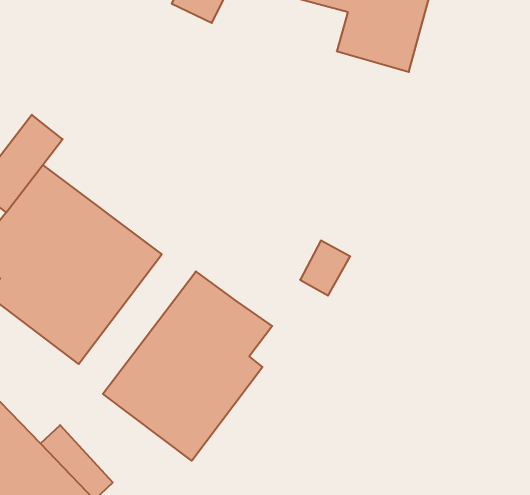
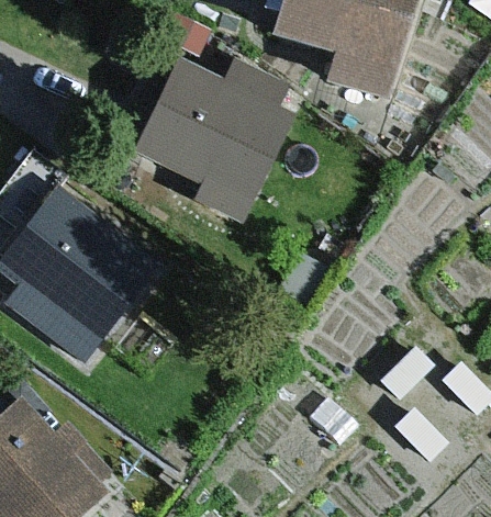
building: none -> [133,59,295,222]
building: [103,271,272,461] -> none

